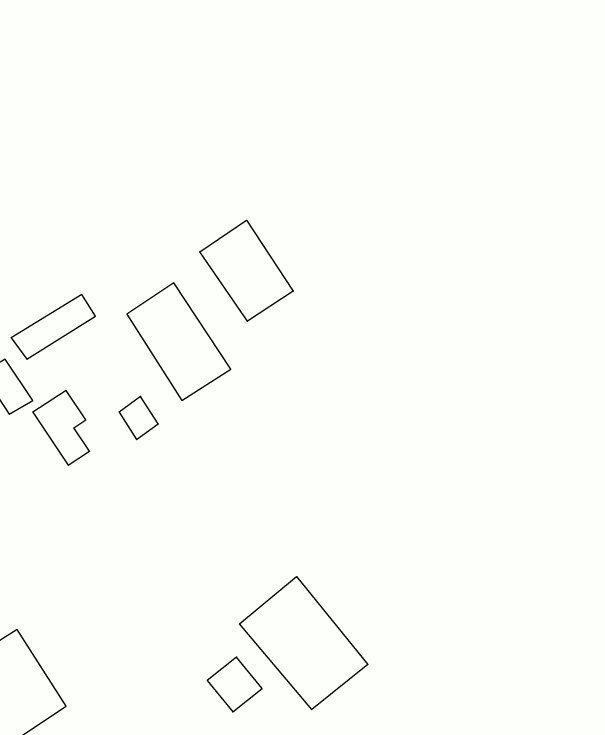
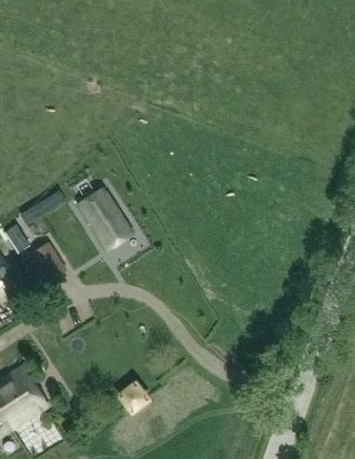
building: [200,220,293,321] -> none
building: [240,577,368,710] -> none

